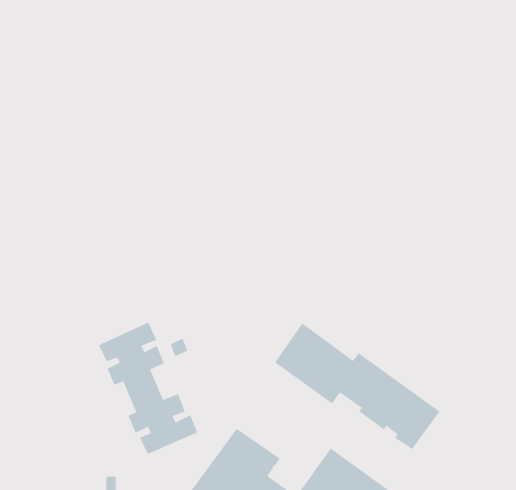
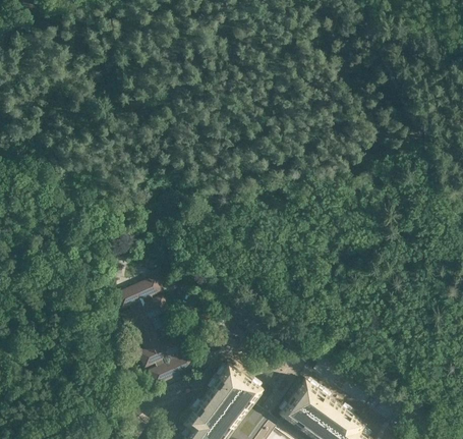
building: [274,323,441,450] -> none

